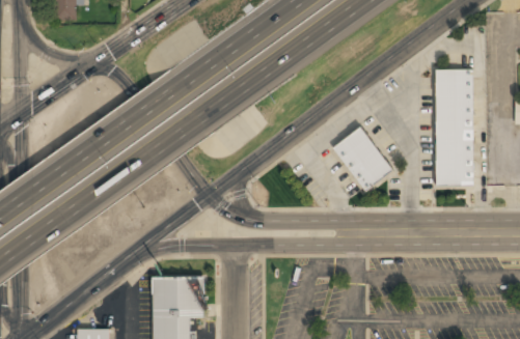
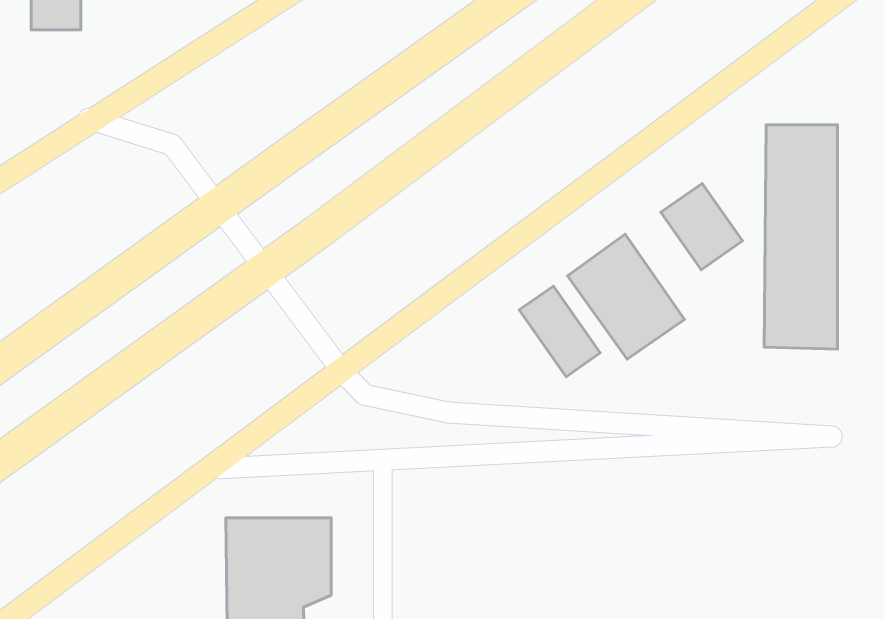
building: none -> [661,183,742,270]
building: none -> [519,286,600,377]

